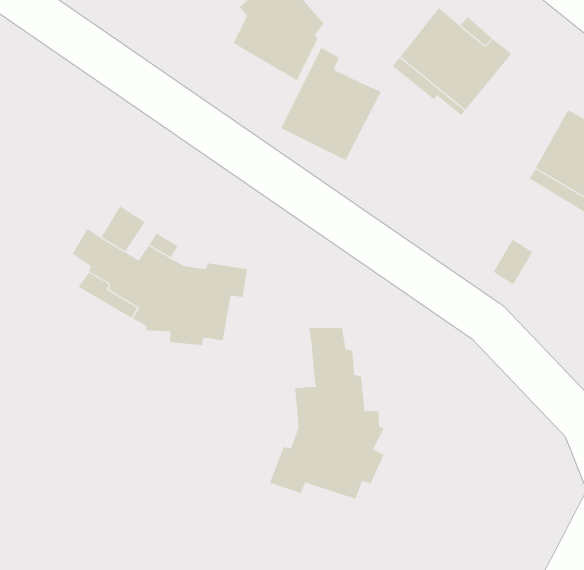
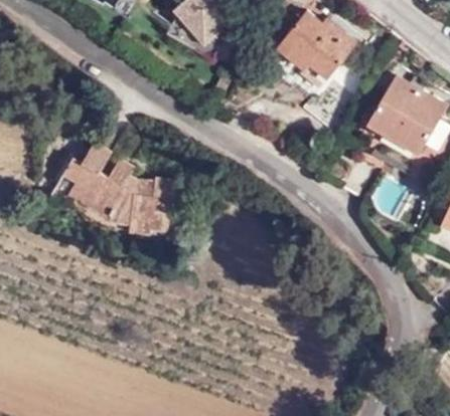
building: [281,47,381,161] -> none
building: [269,327,385,499] -> none

